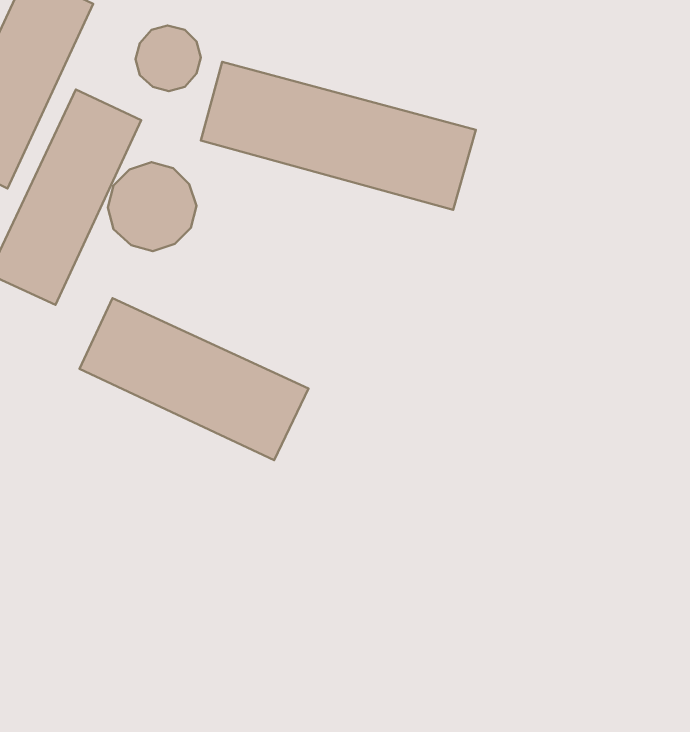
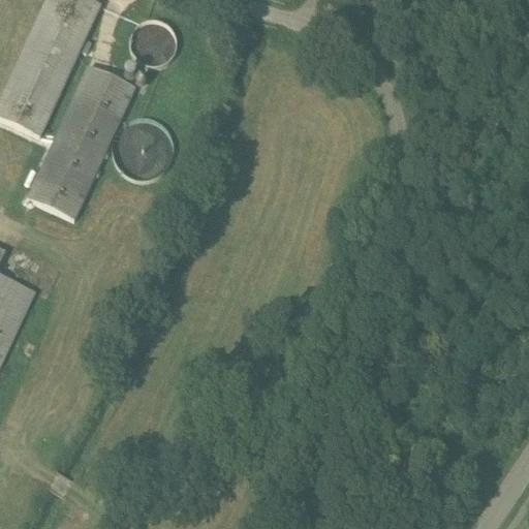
building: [201,62,476,210] -> none
building: [80,298,308,460] -> none

